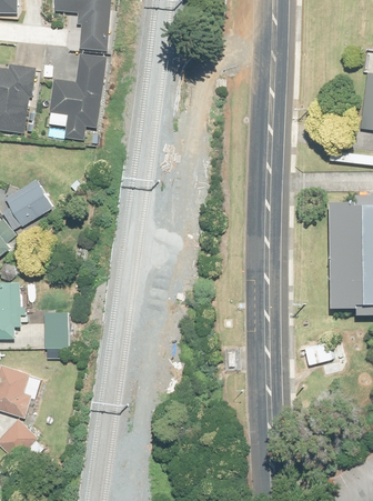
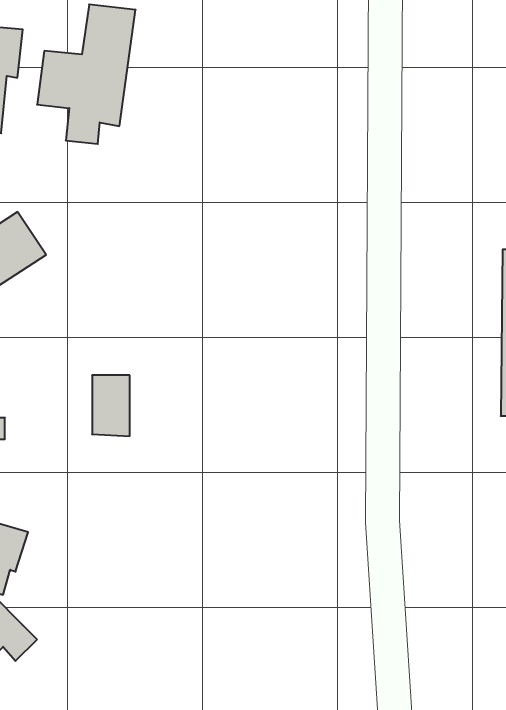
building: [43,311,67,349] -> [92,375,130,436]

